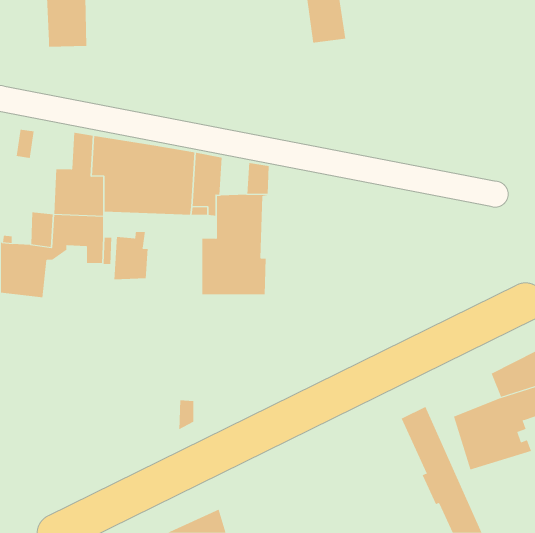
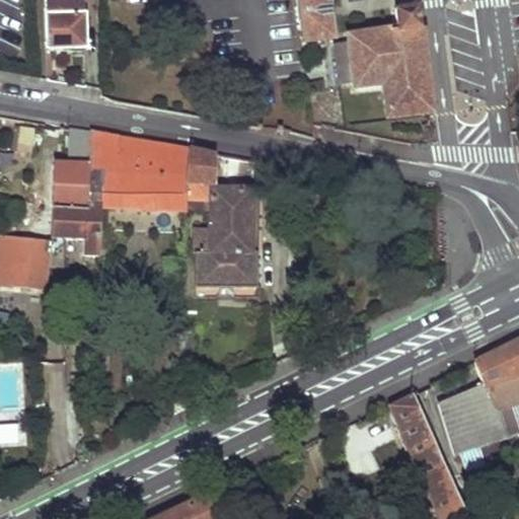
building: none -> [335,5,431,114]
building: [114,231,148,280] -> none

